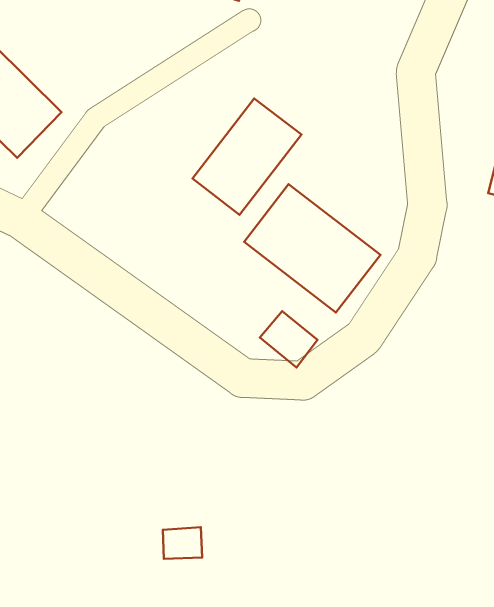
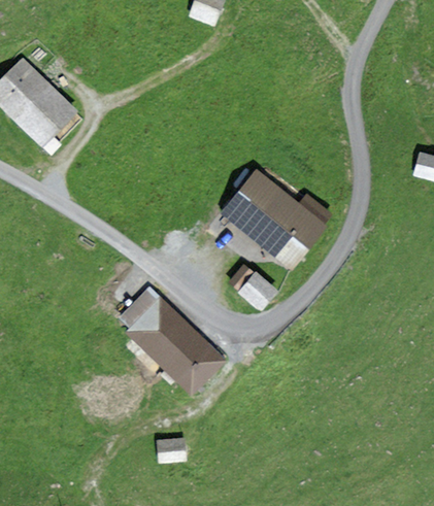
building: [192,98,301,215] -> none
building: none -> [121,285,226,395]

